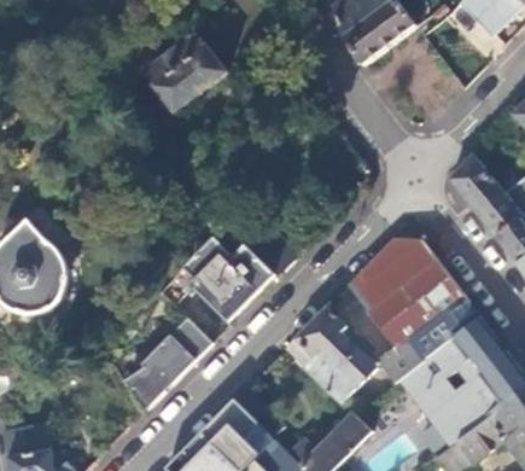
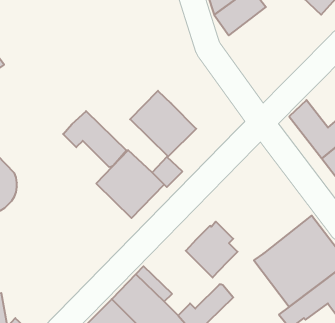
building: [142,31,226,112] -> none
building: none -> [130,91,196,156]
building: none -> [63,111,127,167]
building: [351,238,479,382] -> none
building: [284,306,345,366] -> none
building: [124,316,212,412] -> none

